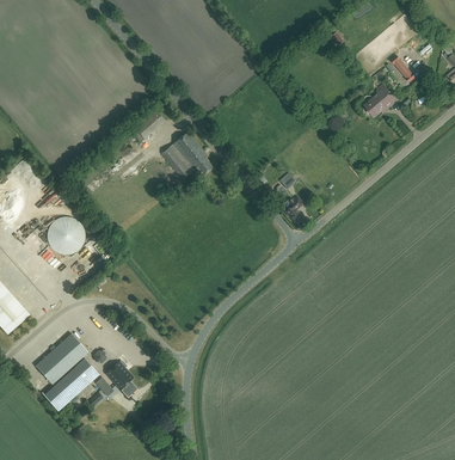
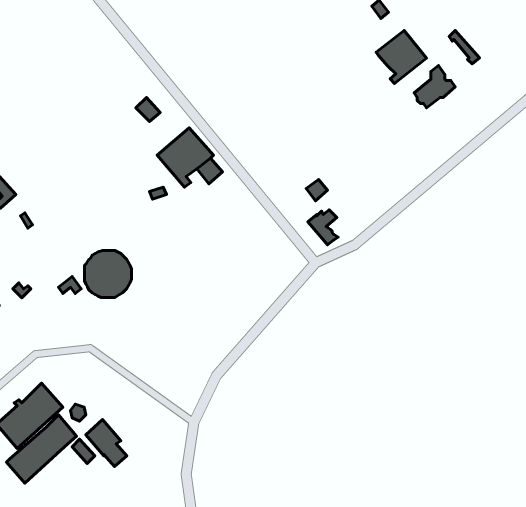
building: none -> [376,30,426,84]
building: [48,216,85,253] -> [84,250,132,298]

